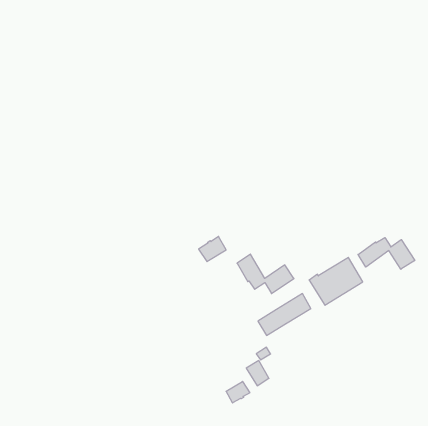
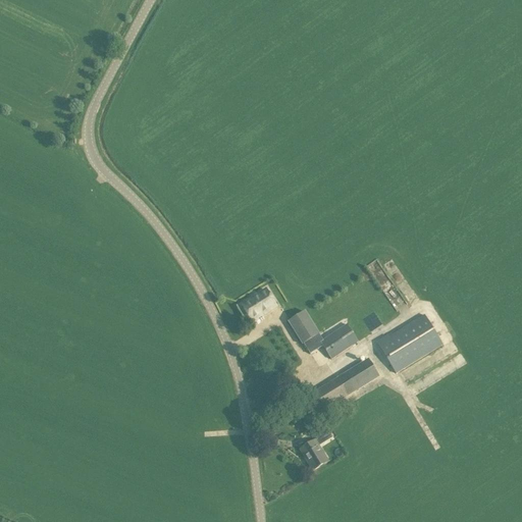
building: [358,238,415,269] -> none
building: [226,381,250,403] -> none

